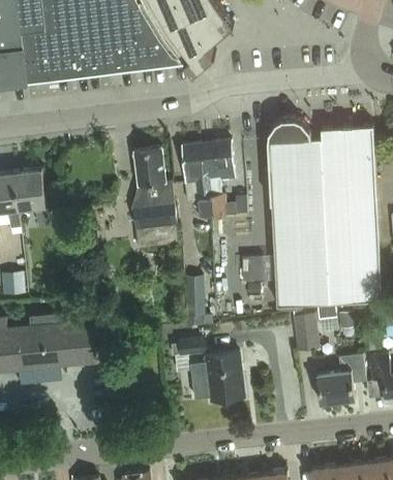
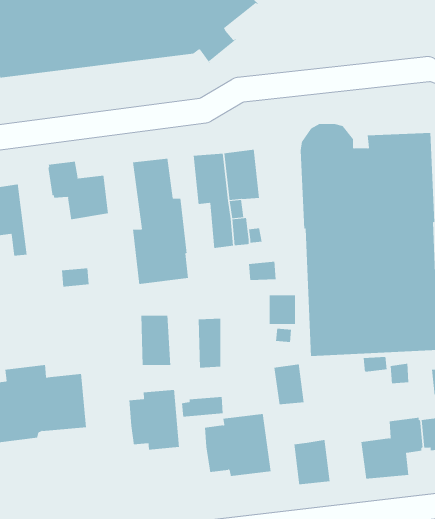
building: none -> [48,161,108,220]
building: none -> [141,315,171,366]
building: [294,313,319,346] -> [274,364,305,405]
building: none -> [129,389,179,450]
building: none -> [294,439,330,485]

